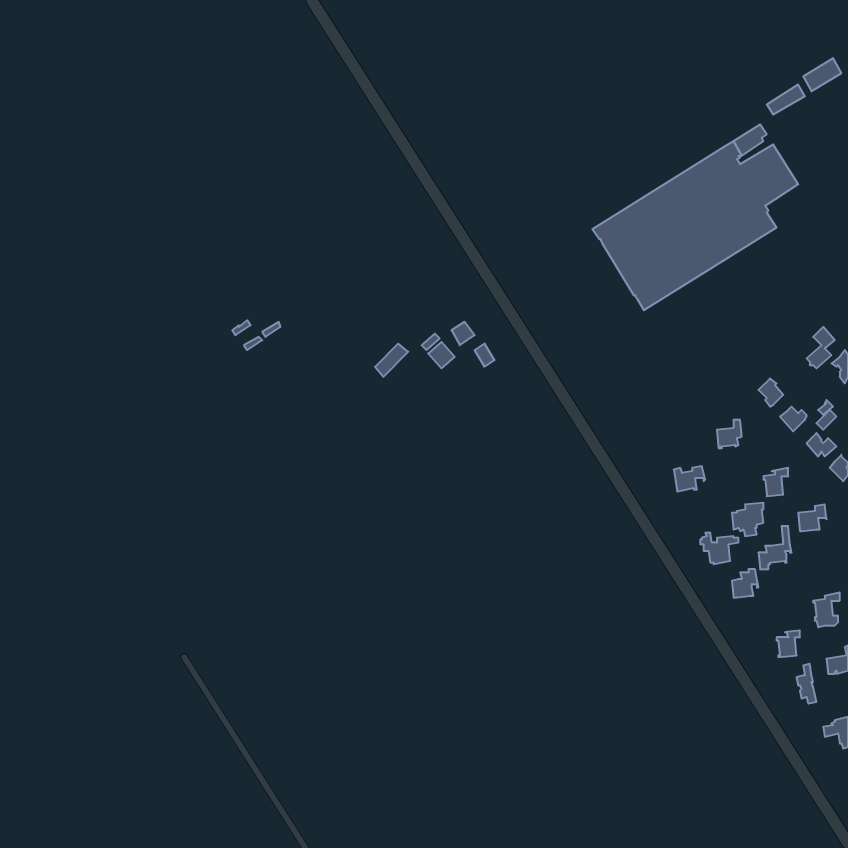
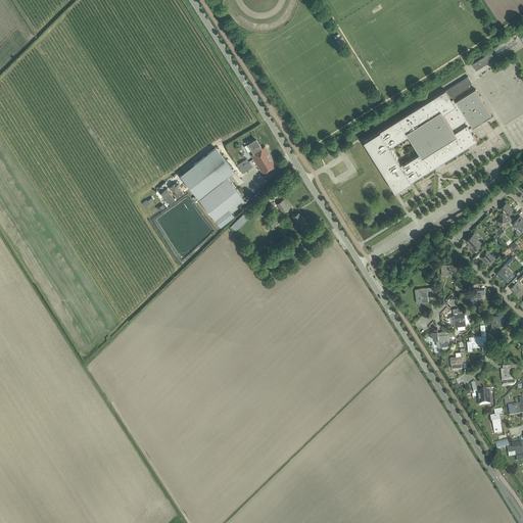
building: none -> [245,138,277,173]
building: none -> [182,147,243,226]

